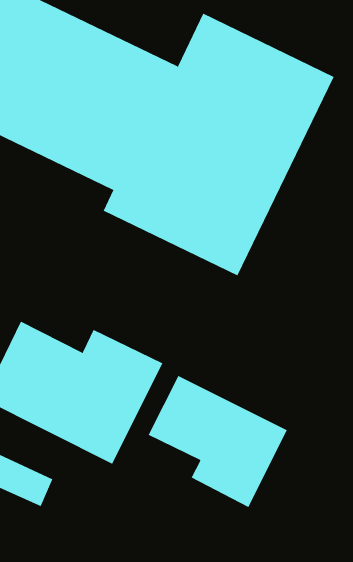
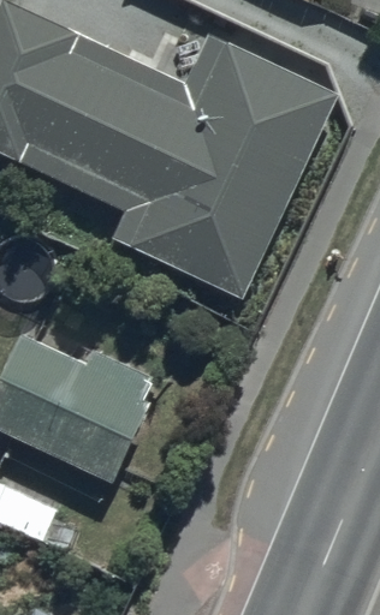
building: [148,375,287,508] -> none

